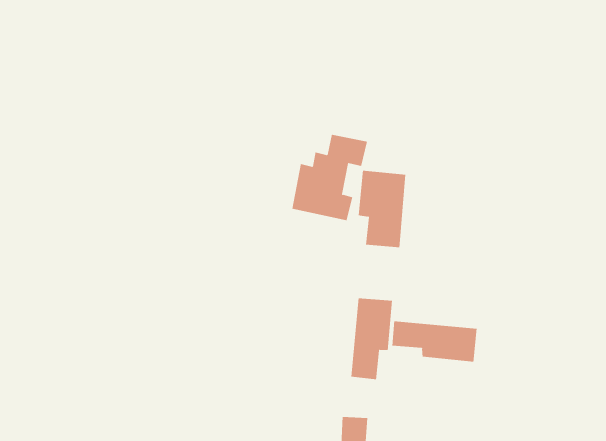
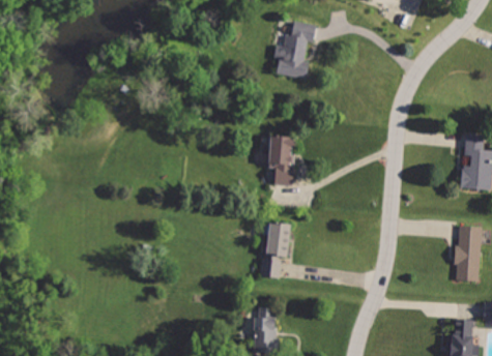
building: [292,134,368,221] -> [268,21,322,82]
building: [392,321,477,362] -> none

